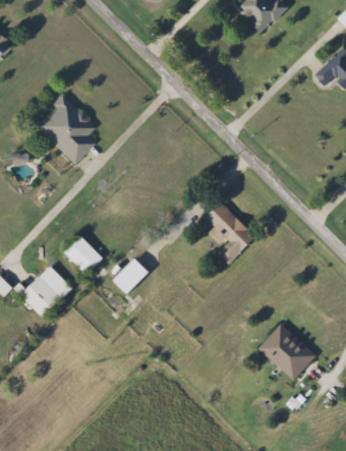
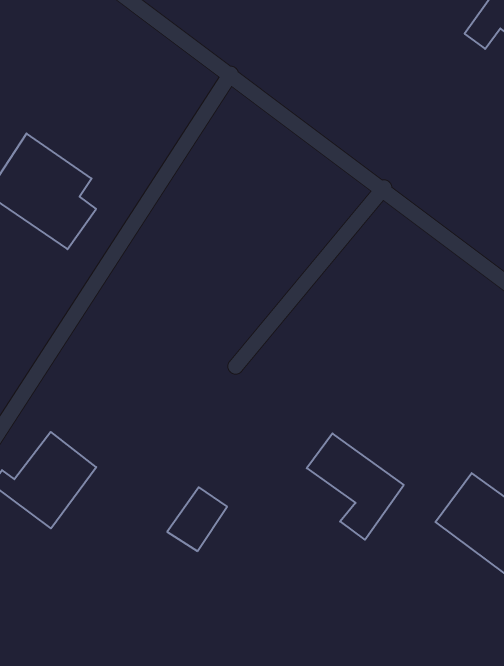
building: [203,202,255,264] -> [307,433,404,540]
building: [63,234,104,276] -> none
building: [112,259,148,294] -> [167,487,227,551]

